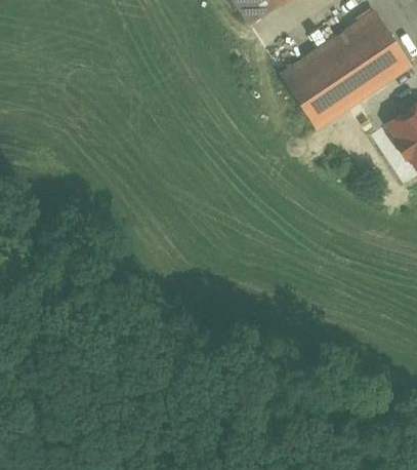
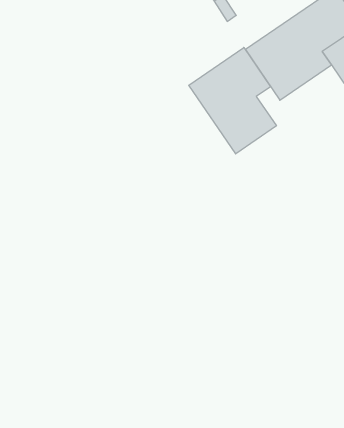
building: none -> [189,47,276,154]

